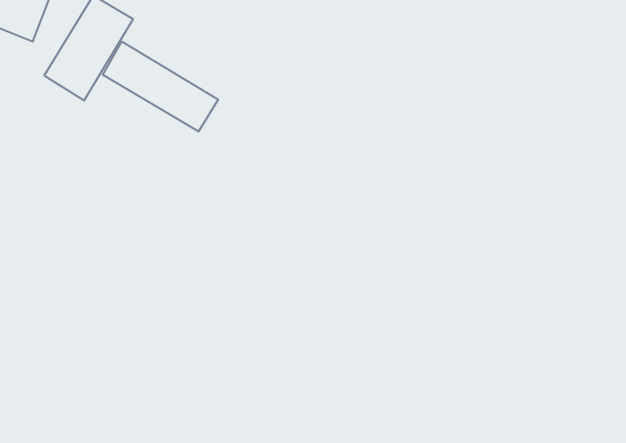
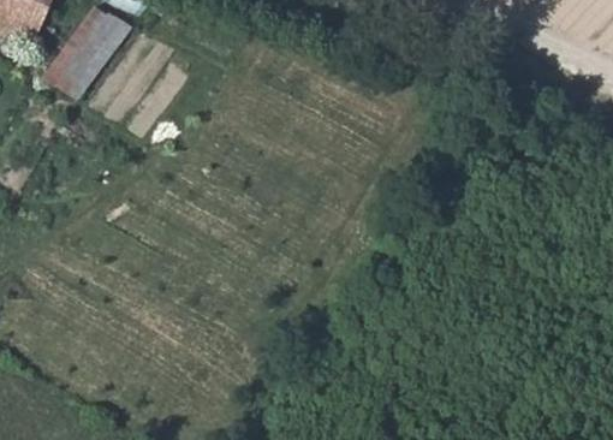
building: [103,42,218,132] -> none

